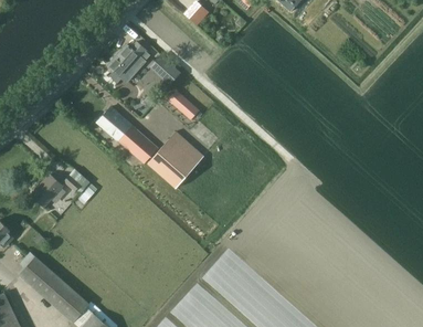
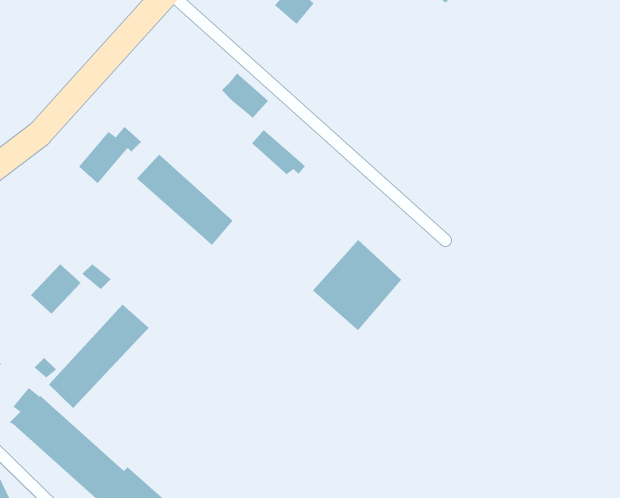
building: [107,41,147,77] -> [78,126,142,184]
building: [147,131,203,189] -> [312,239,402,331]
building: none -> [48,304,149,409]

